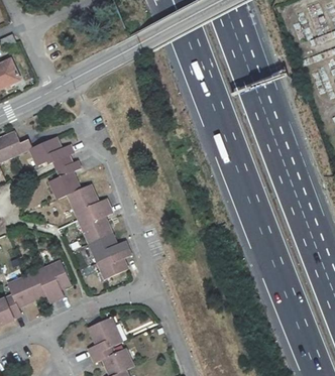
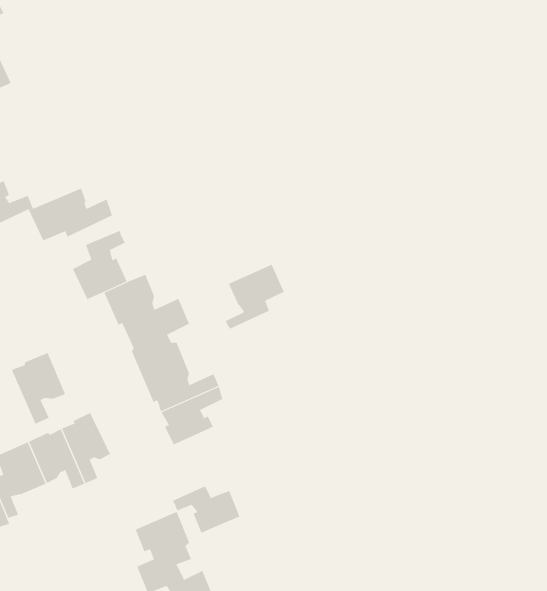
building: none -> [225,264,284,329]
building: none -> [11,352,66,424]
building: none -> [172,486,240,533]

